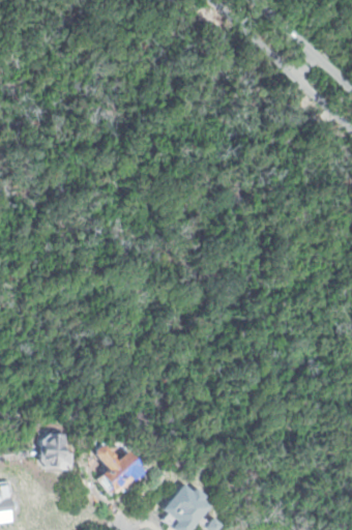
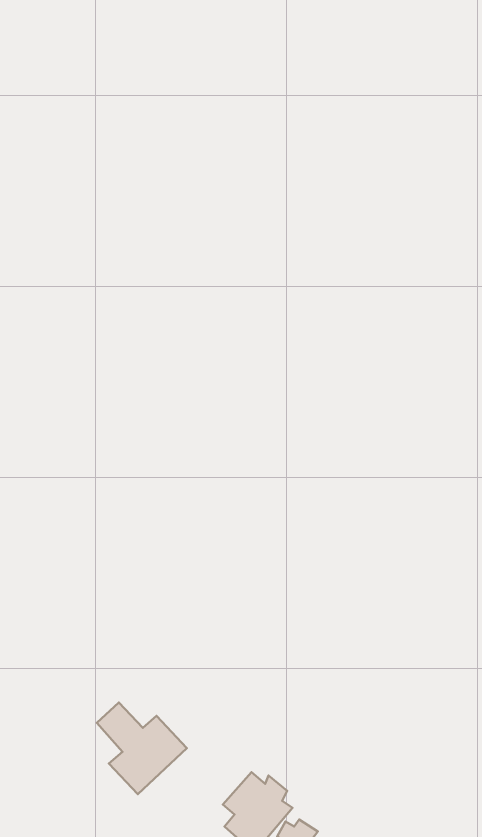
building: [38,433,71,468] -> none

